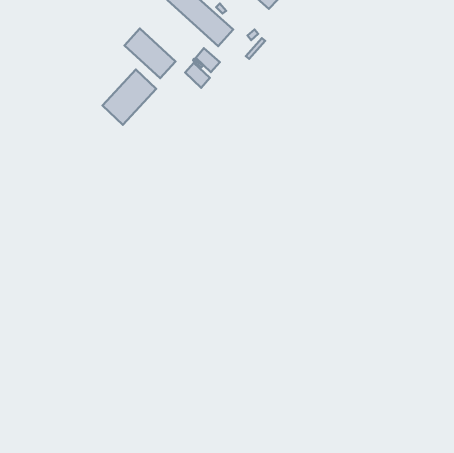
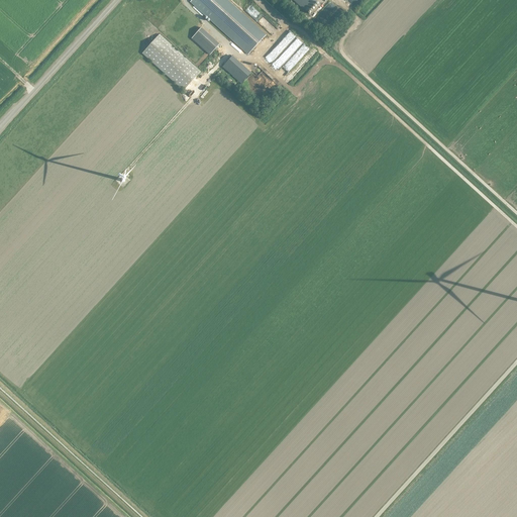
building: [185,63,210,88] -> [190,25,218,54]
building: [102,69,156,125] -> none

